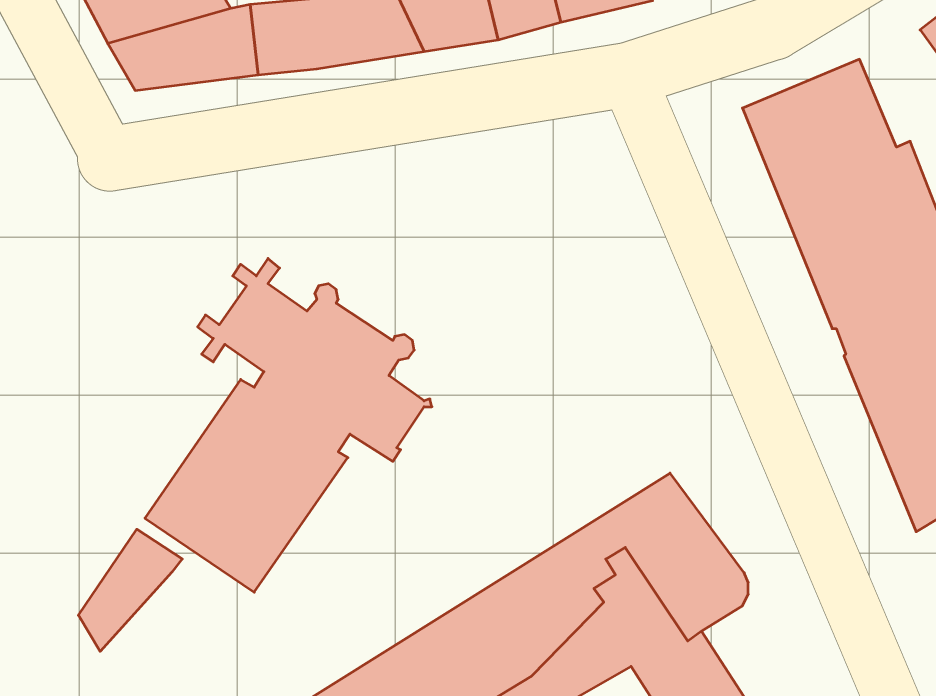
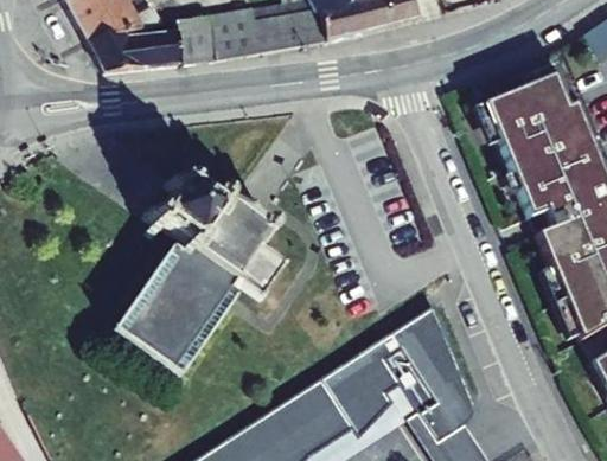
building: [78,529,182,651] -> none

